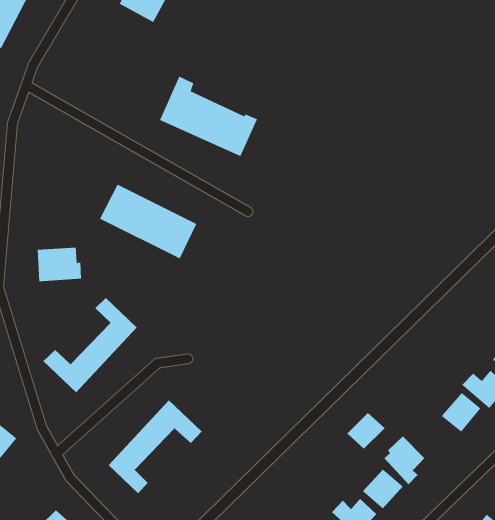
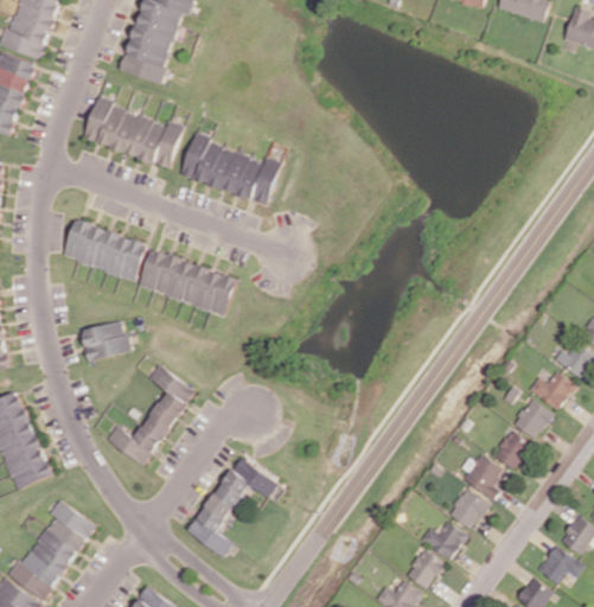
building: none -> [83,102,181,165]
building: none -> [63,219,147,281]
building: [346,412,385,450] -> [492,430,530,468]

